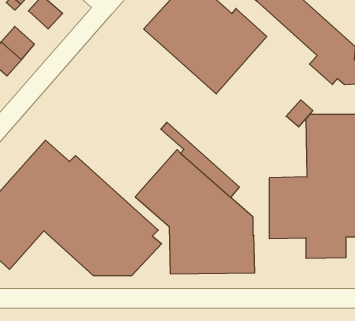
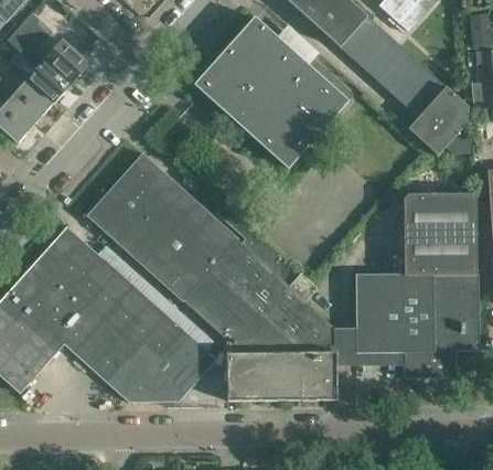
building: none -> [28,60,71,103]
building: none -> [88,154,237,299]
building: [286,100,313,127] -> none

